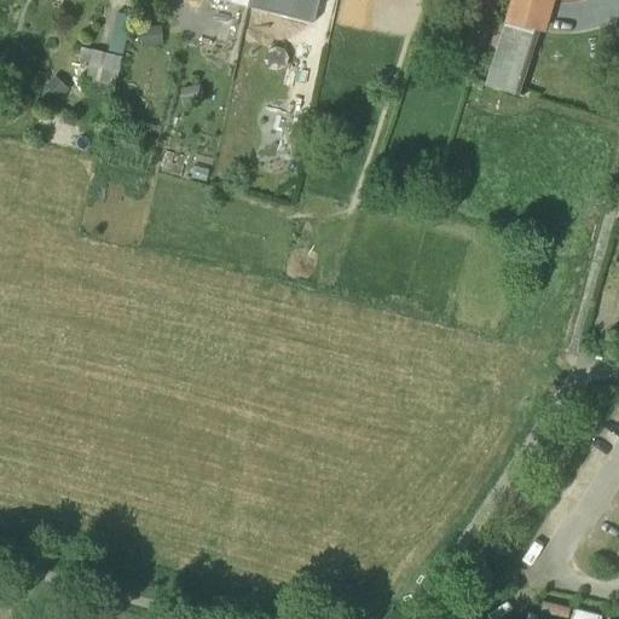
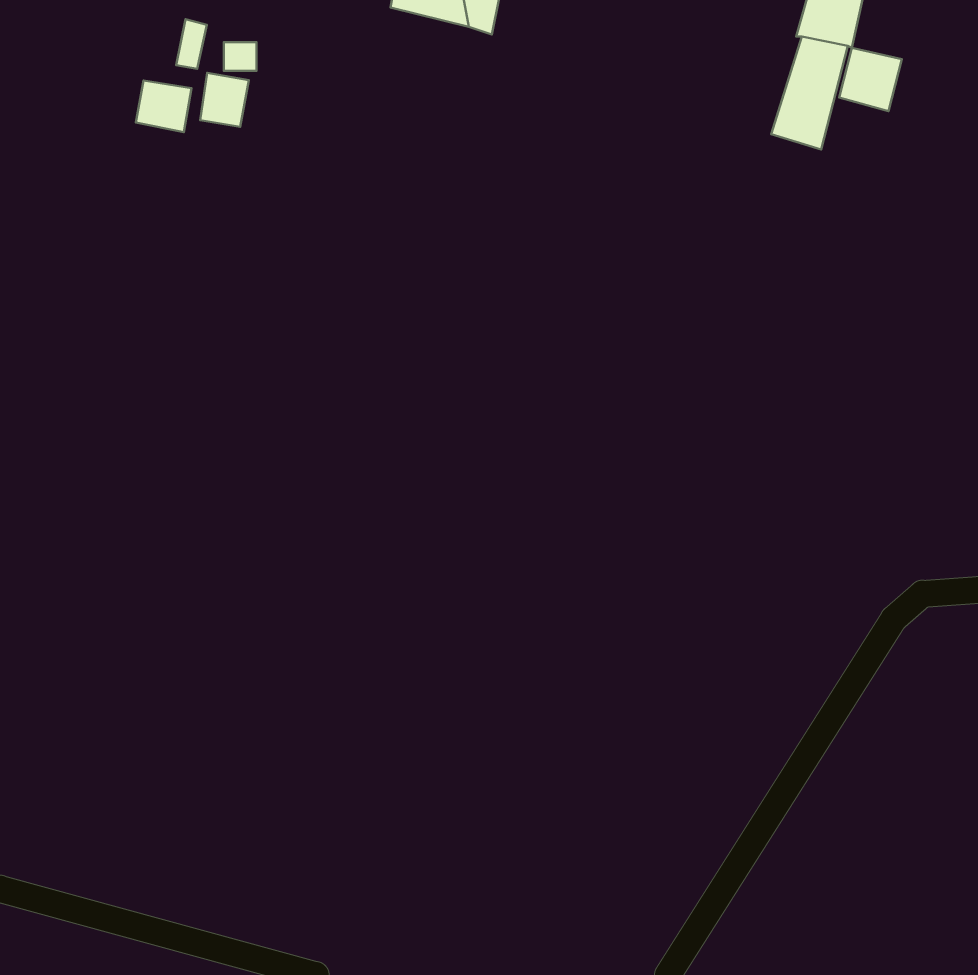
building: none -> [839,48,902,111]
building: none -> [200,73,249,127]

